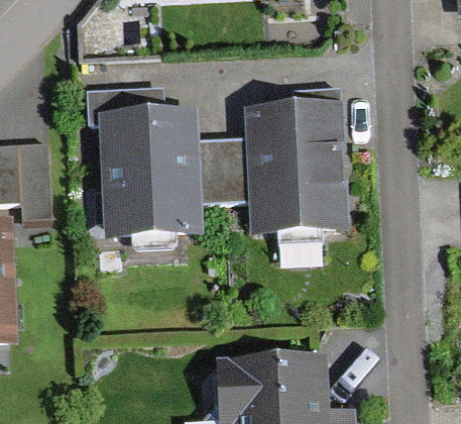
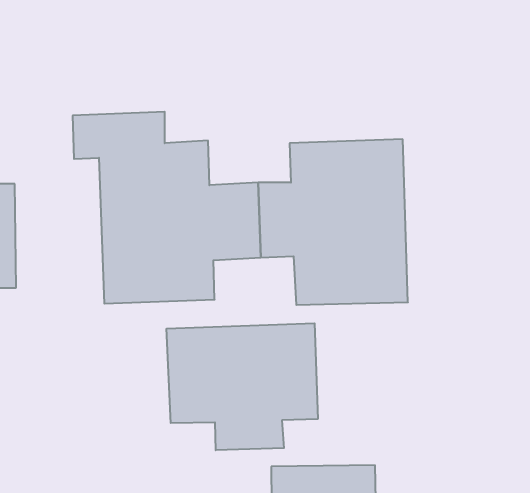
building: none -> [167,323,318,450]

